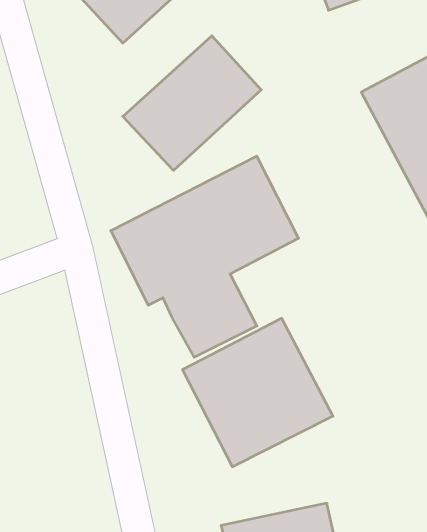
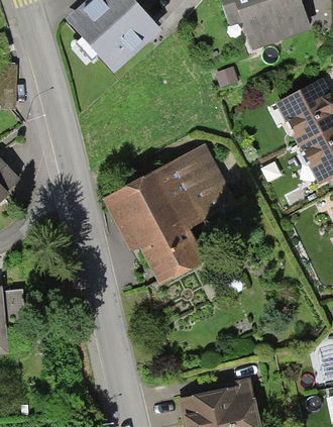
building: [123,36,261,170] -> none
building: [183,318,333,467] -> none

